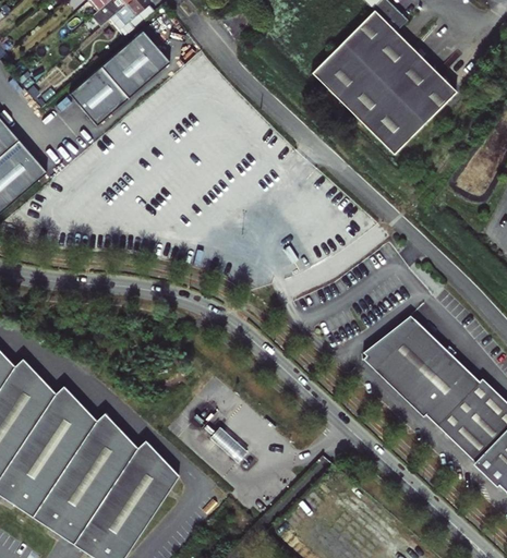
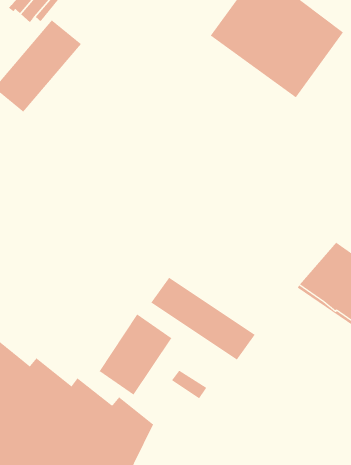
building: none -> [150,277,255,360]
building: none -> [99,314,172,396]

